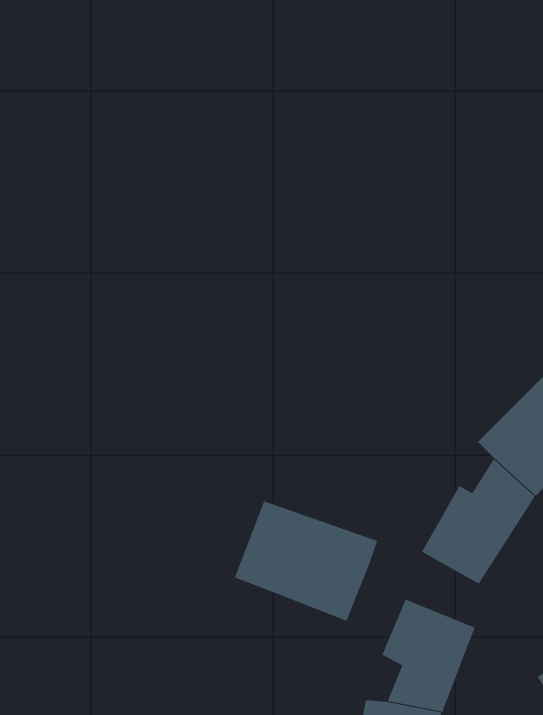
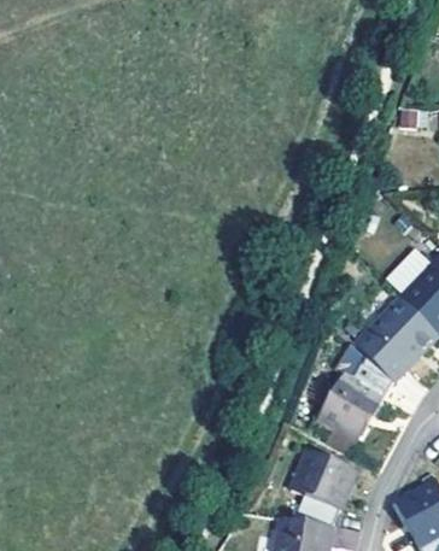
building: [234,501,378,622] -> none

